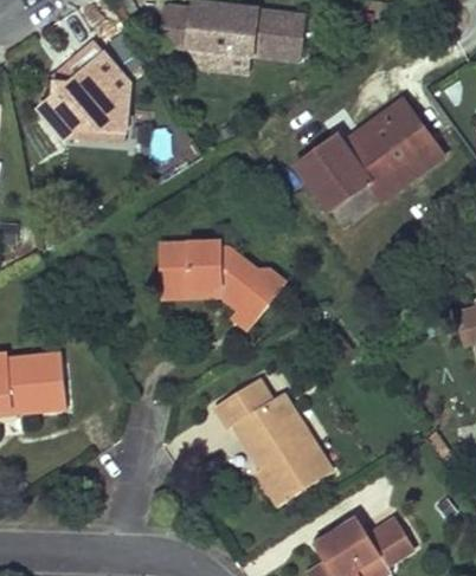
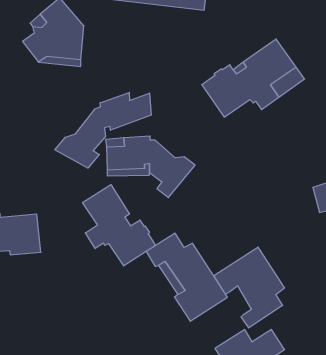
building: none -> [55,92,151,168]
building: none -> [83,185,156,266]
building: none -> [214,247,284,328]

